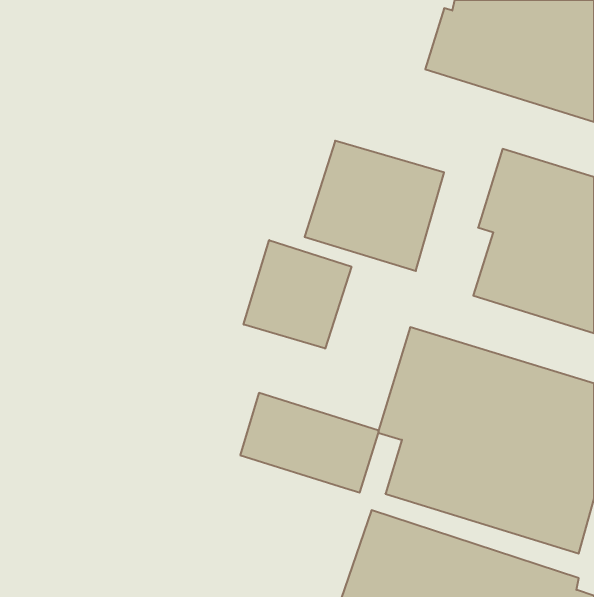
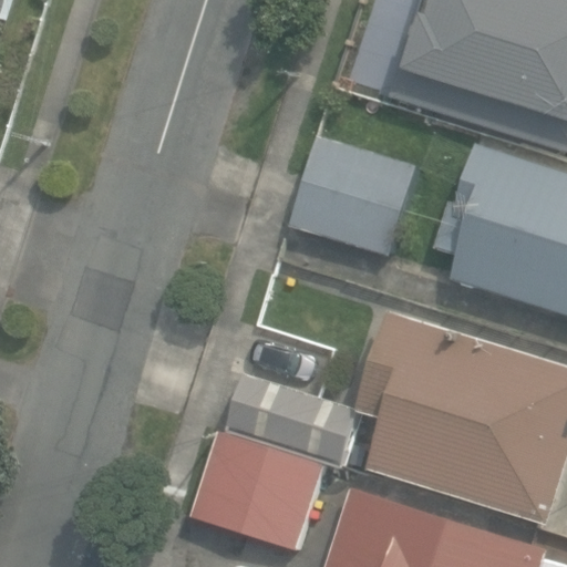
building: [244,240,351,349] -> none
building: none -> [189,429,326,550]

